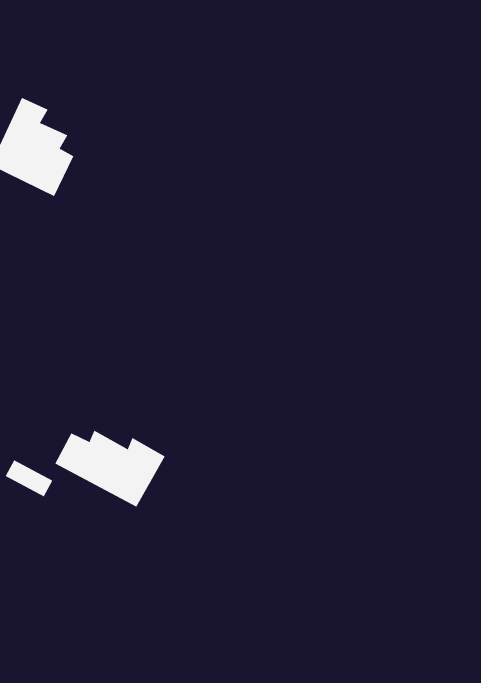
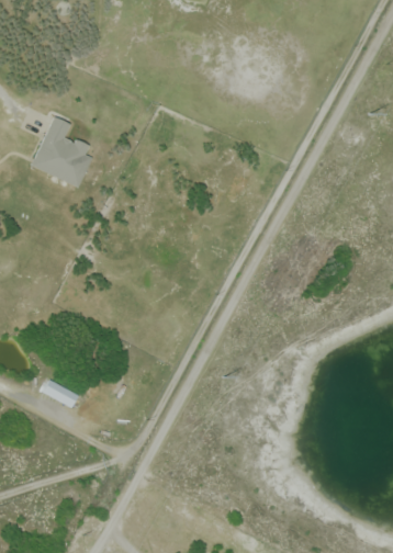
building: [54,430,166,508] -> none

